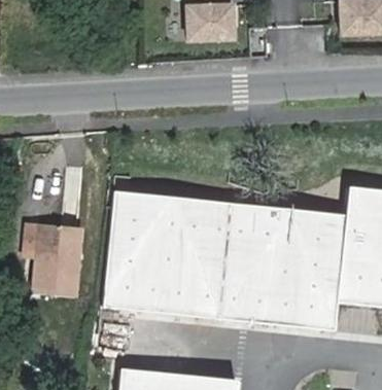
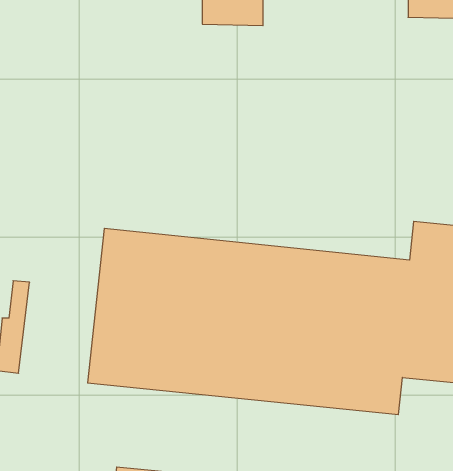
building: [49,231,83,300] -> none

